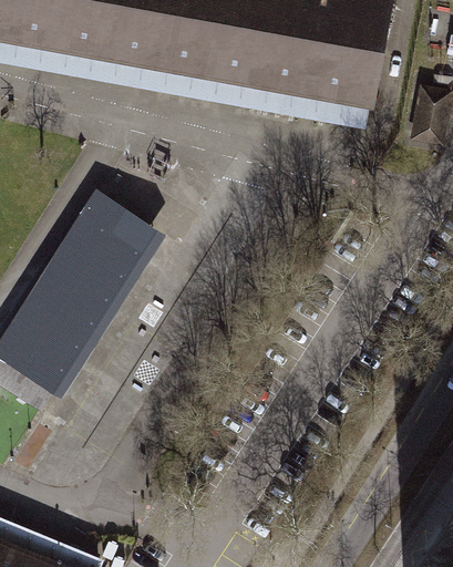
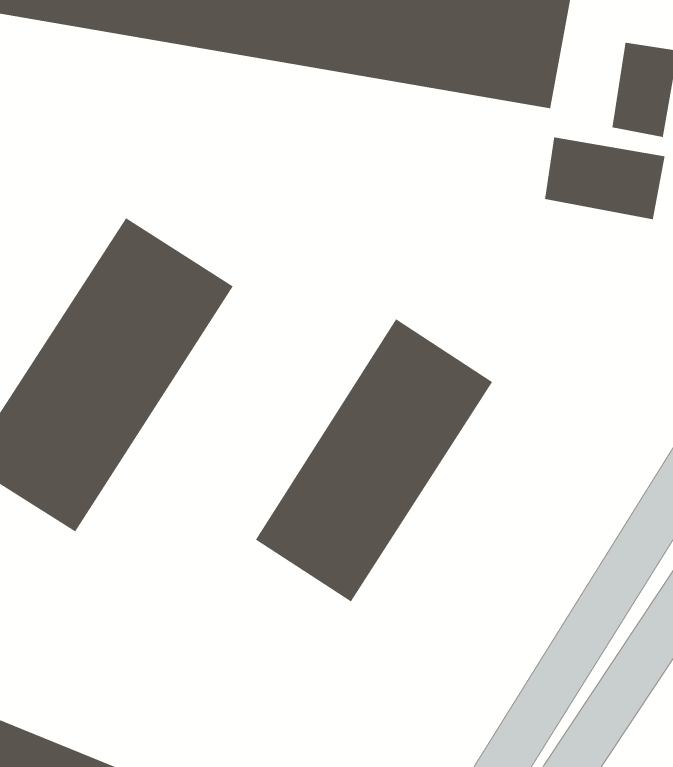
building: none -> [544,137,666,220]
building: none -> [255,318,493,602]

